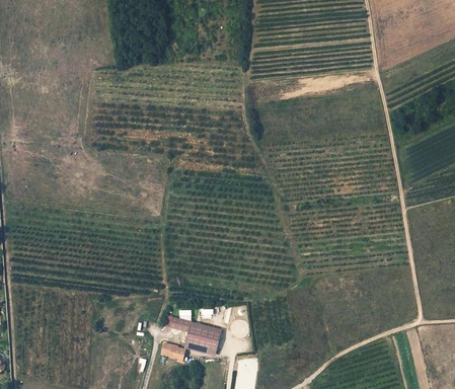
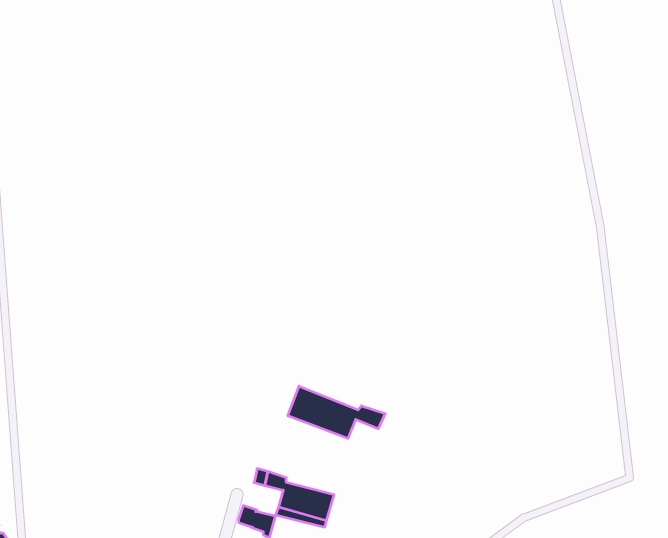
building: none -> [288,386,385,438]

